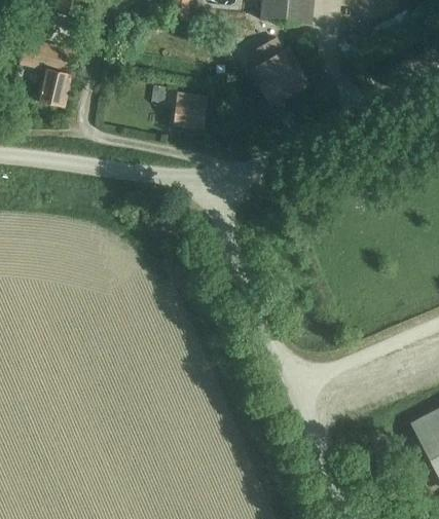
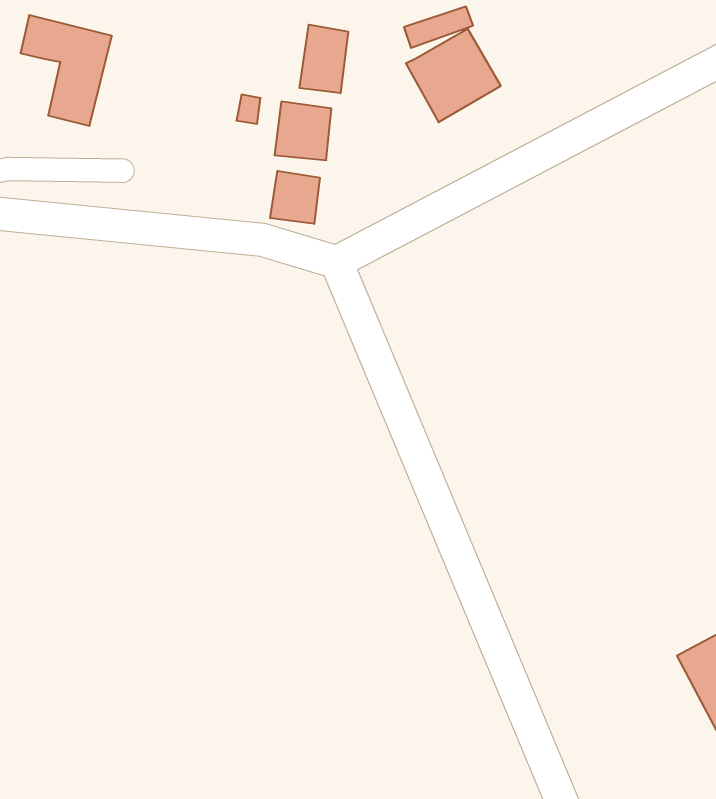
building: none -> [299,25,348,93]
building: none -> [270,171,320,224]

